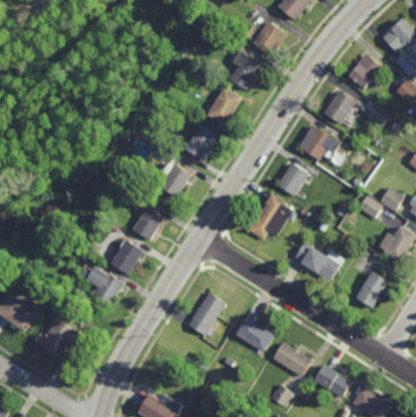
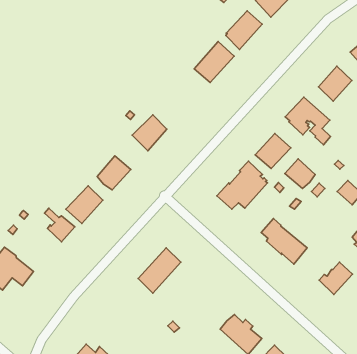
building: [184,126,217,162] -> none
building: none -> [285,159,315,189]
building: [234,314,273,349] -> none

